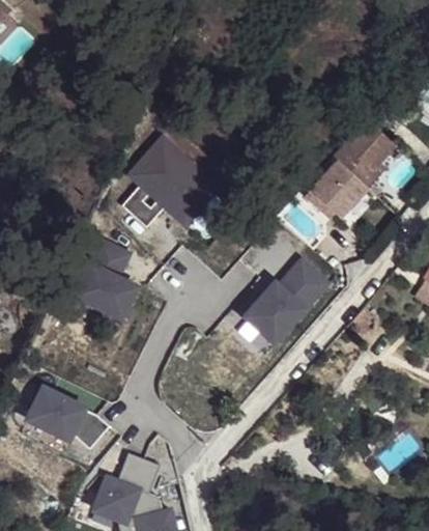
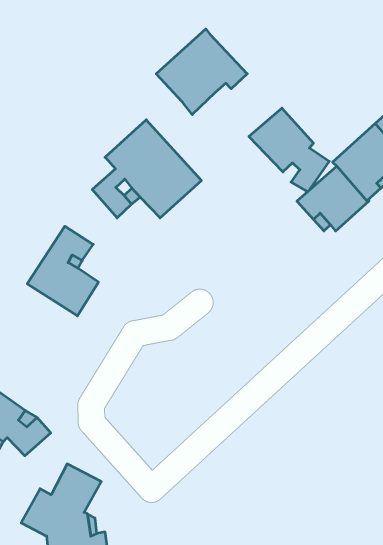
building: none -> [156,29,247,115]
building: none -> [249,108,329,192]
building: [245,260,326,342] -> none

